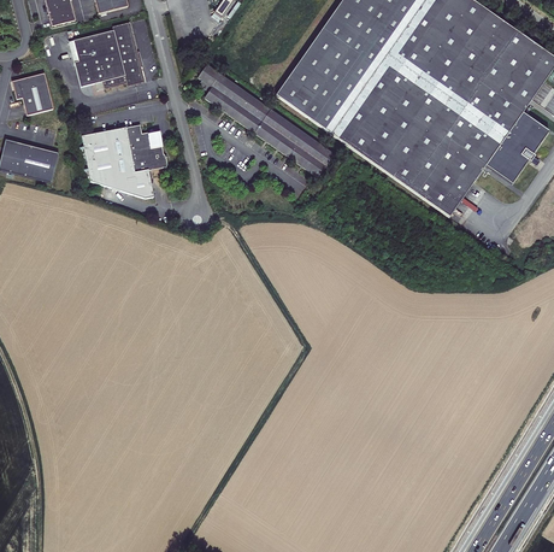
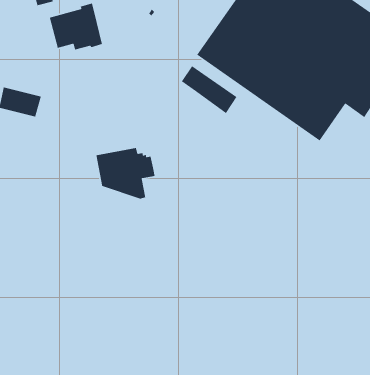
building: [198,64,270,131] -> none
building: [13,72,53,114] -> none
building: [82,124,166,198] -> [95,147,155,199]

